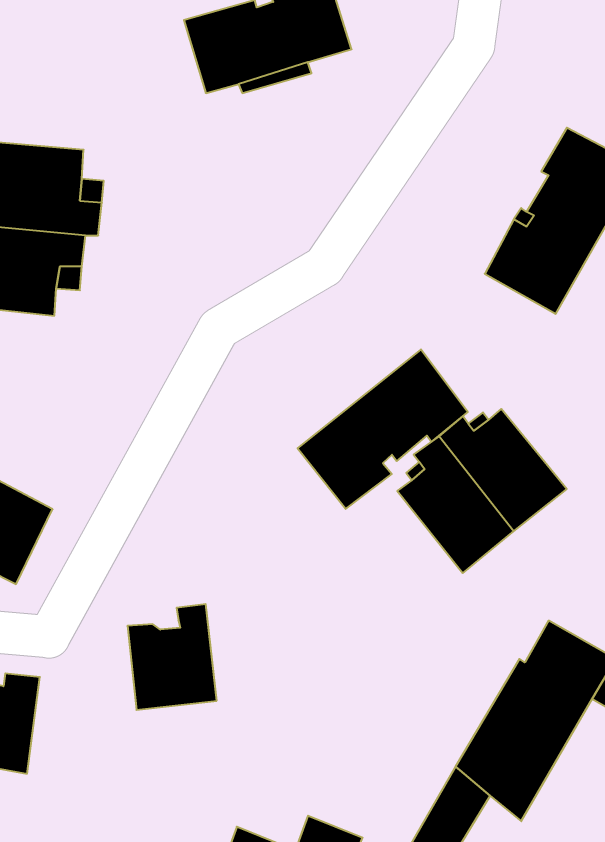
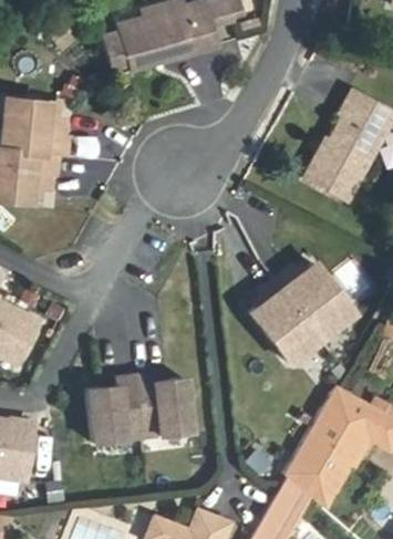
building: [298,349,468,509] -> none
building: none -> [134,376,189,437]

